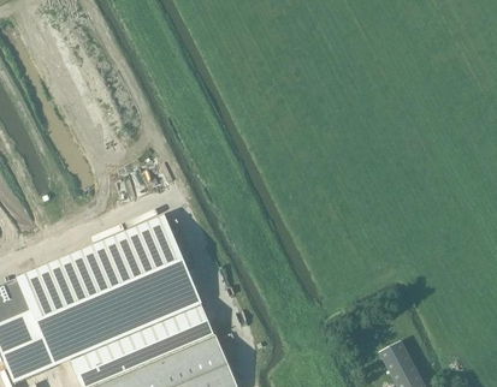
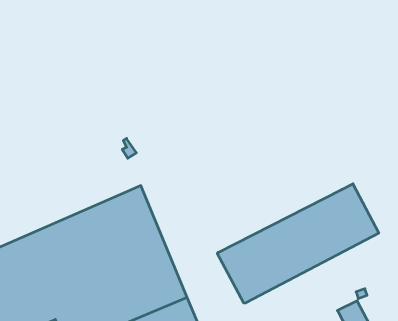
building: none -> [217,184,379,303]

